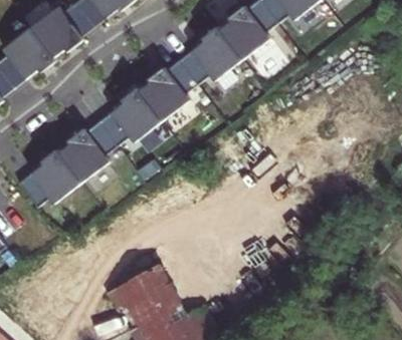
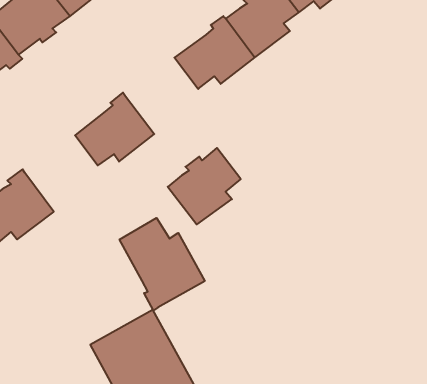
building: [138,59,196,120] -> [168,148,241,224]
building: [57,121,116,183] -> none
building: none -> [120,218,205,310]

